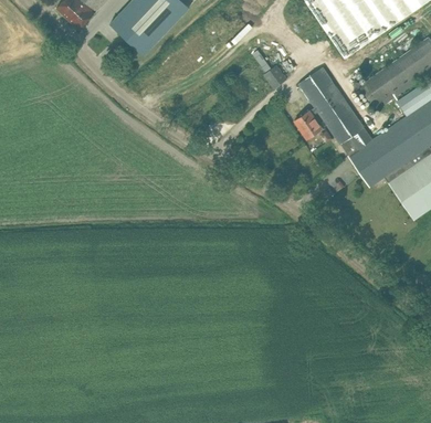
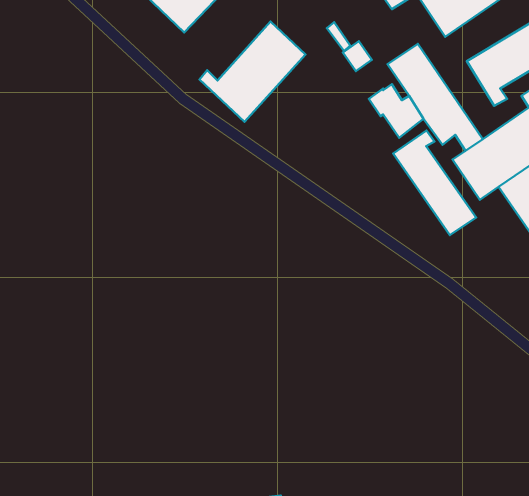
building: none -> [199,22,305,122]
building: none -> [393,131,476,235]

